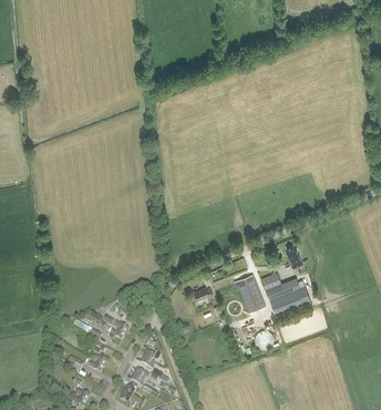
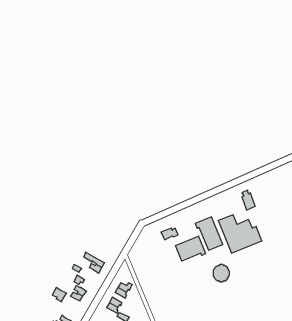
building: none -> [175,236,206,261]

